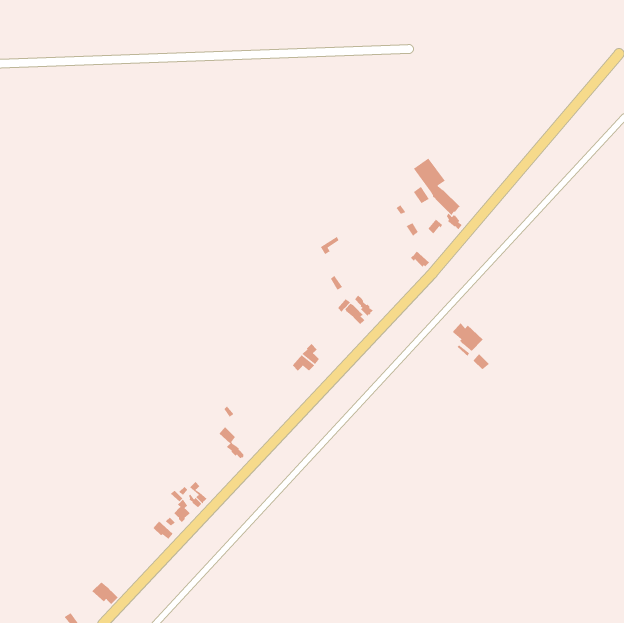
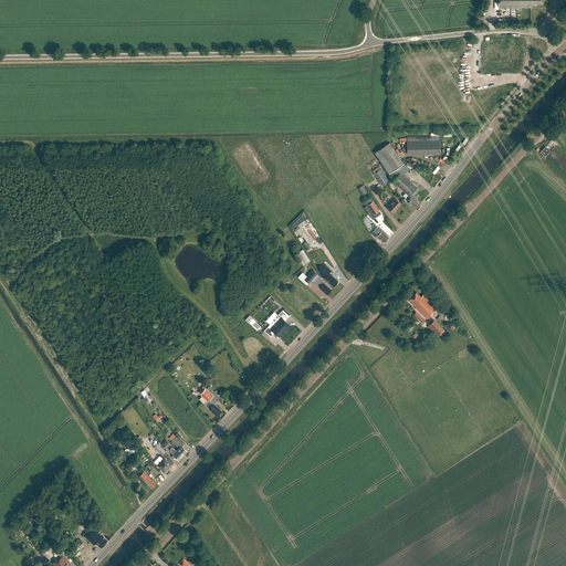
building: none -> [407,137,441,155]

